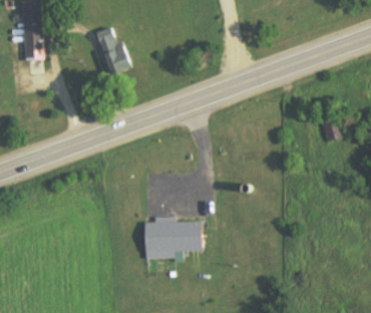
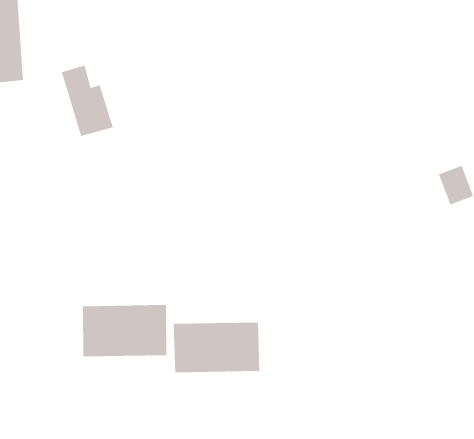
building: [95,27,130,75] -> [61,64,114,137]
building: none -> [82,304,167,357]

